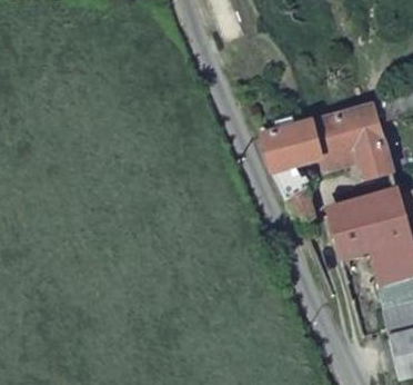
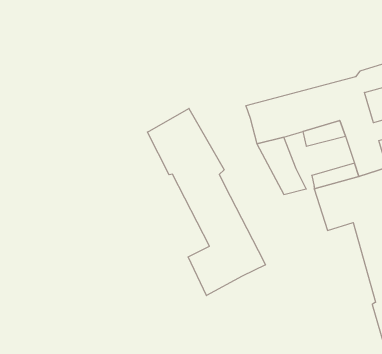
building: none -> [147,108,265,296]

